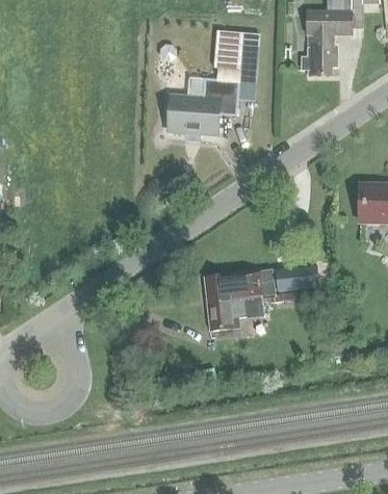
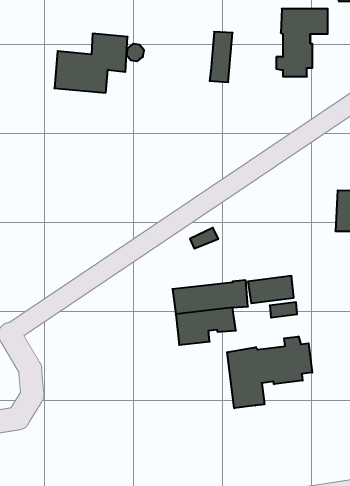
building: [213,30,242,70] -> none
building: [167,78,237,134] -> [54,34,128,93]
building: none -> [227,336,312,408]

